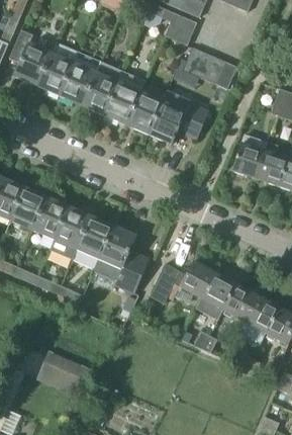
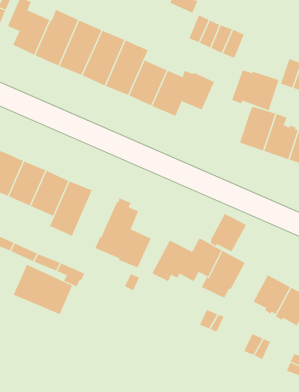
building: none -> [232,70,279,111]
building: [76,215,114,260] -> none
building: [223,285,259,323] -> [210,213,247,252]
building: [35,350,93,399] -> [13,264,73,315]

